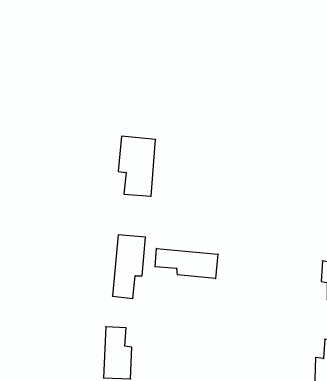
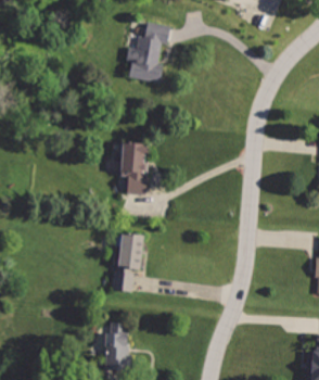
building: none -> [120,22,177,86]
building: [155,248,218,279] -> none

